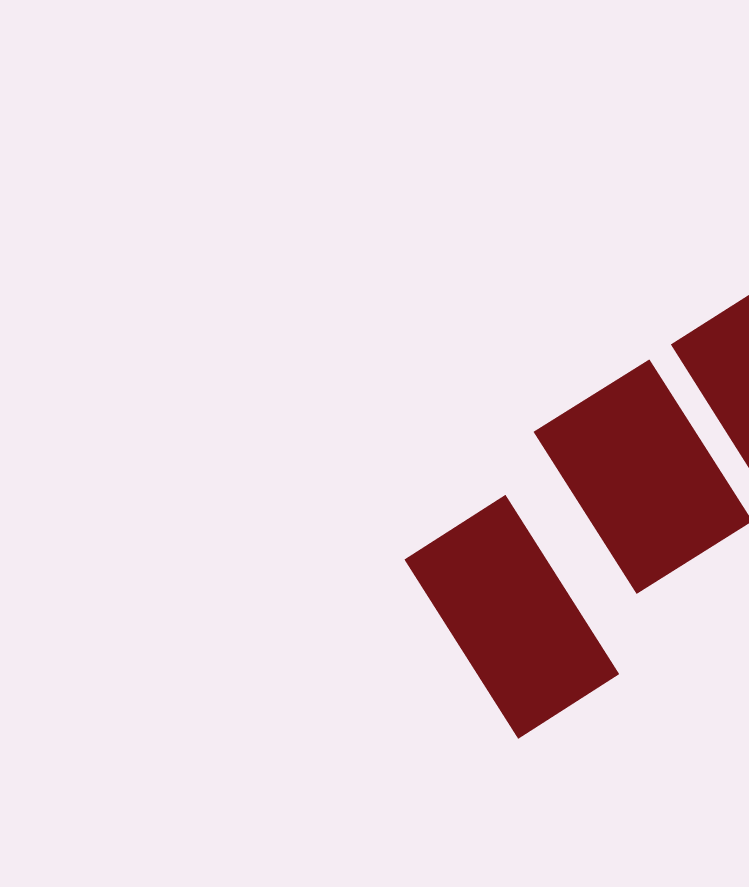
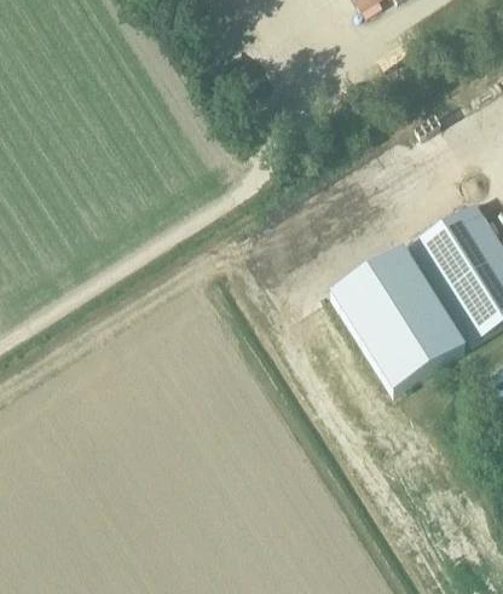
building: [404,494,620,740] -> none

